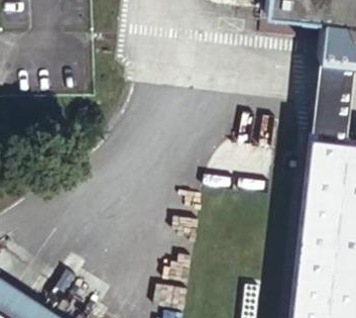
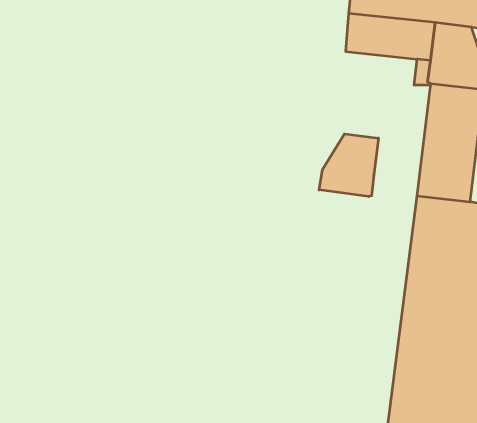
building: none -> [319,134,378,197]

